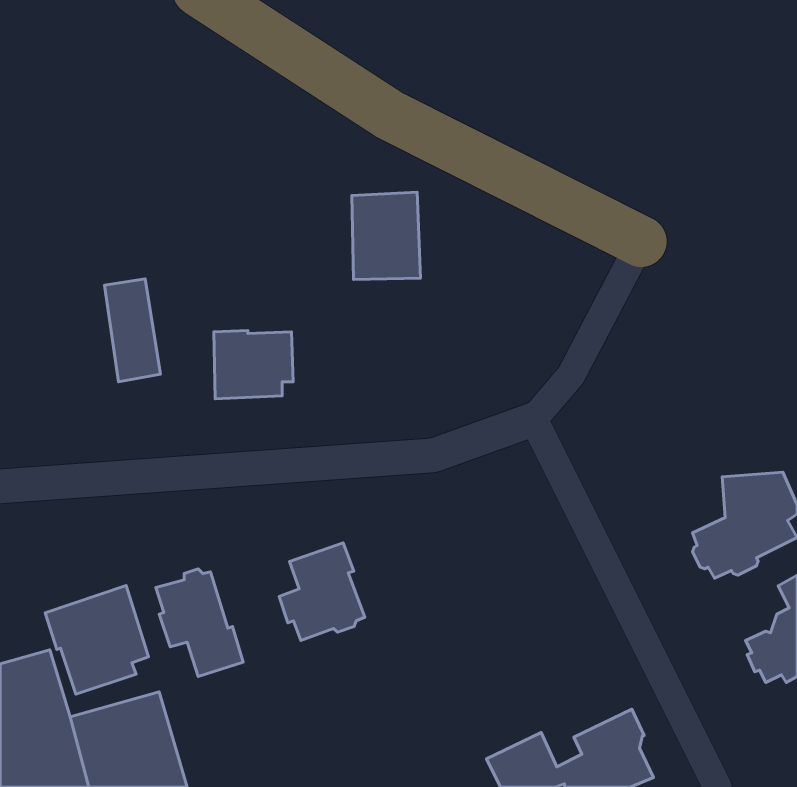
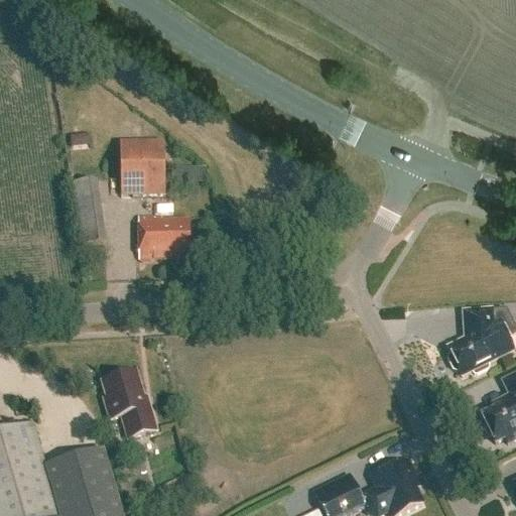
building: [352,192,420,280] -> [118,142,162,199]
building: [279,543,365,641] -> none
building: [45,585,149,694] -> none

